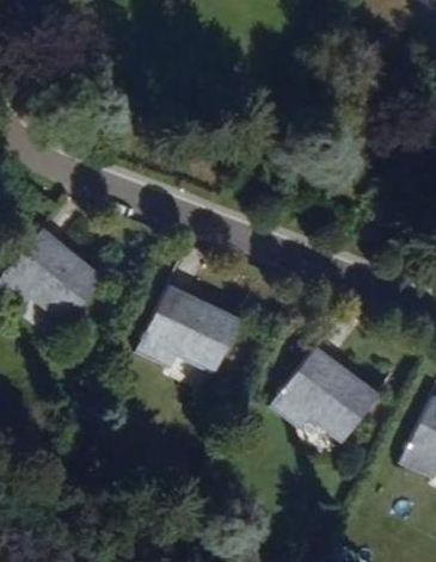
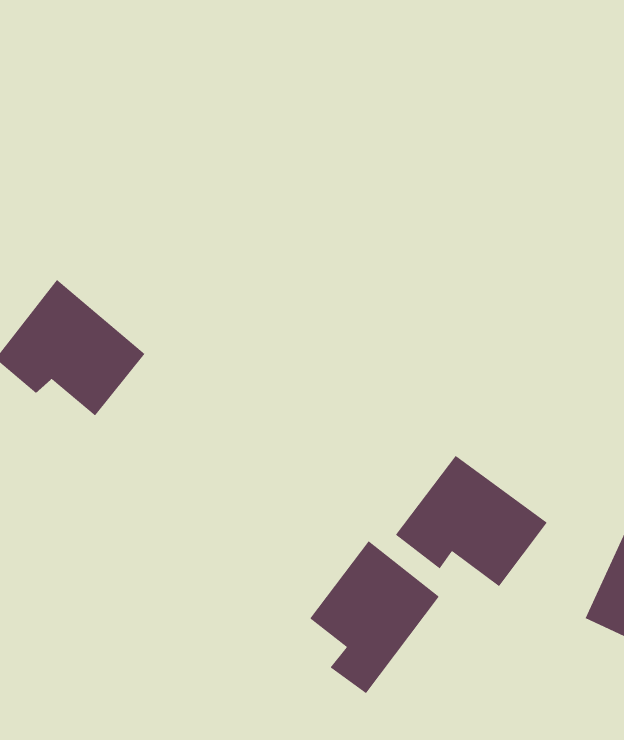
building: [140,288,238,370] -> none
building: none -> [309,540,440,694]

